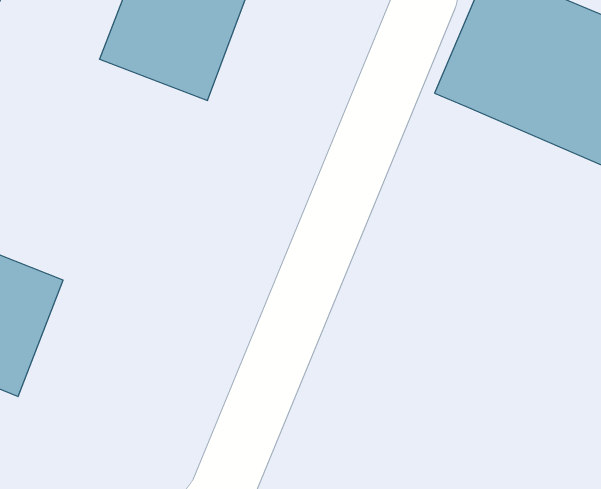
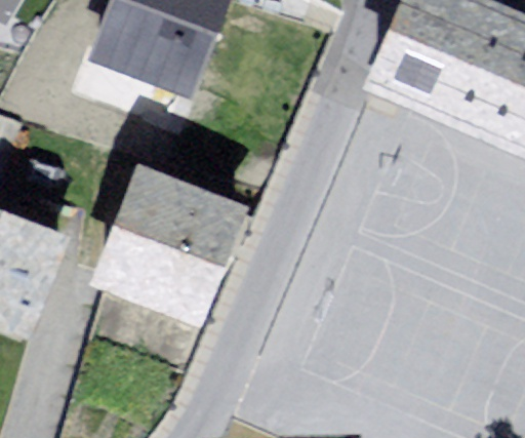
building: none -> [109,178,243,317]

